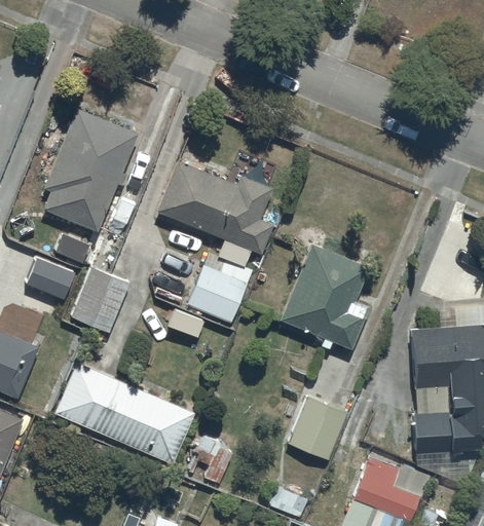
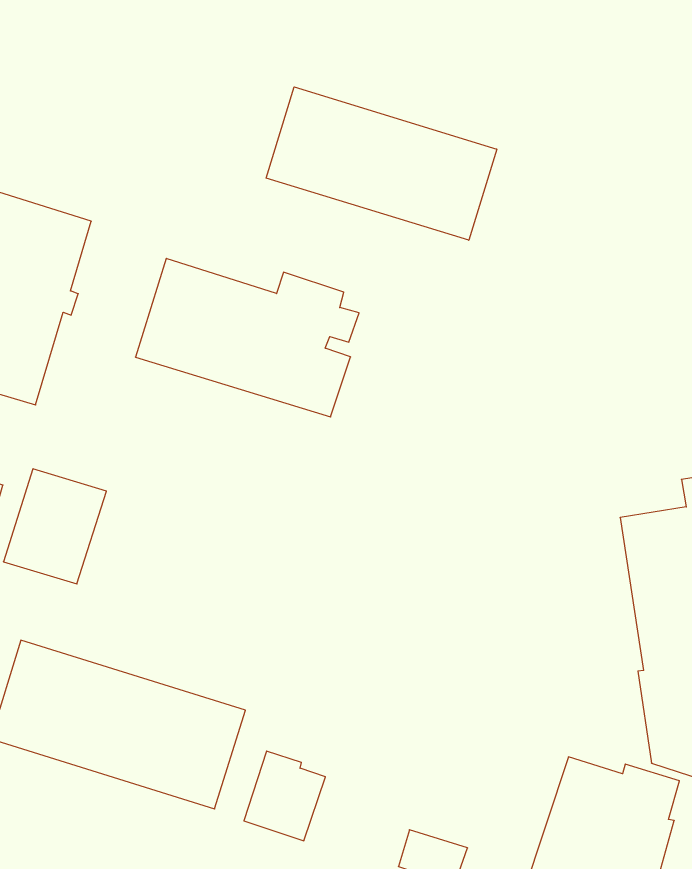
building: none -> [266,87,497,240]
building: [280,242,371,350] -> none
building: [185,257,254,325] -> none
building: [286,396,347,461] -> none

